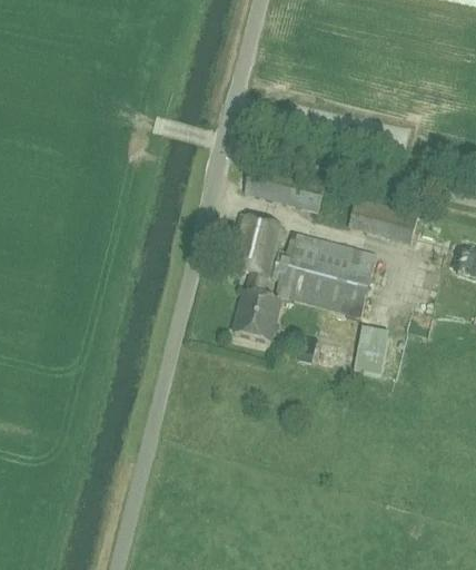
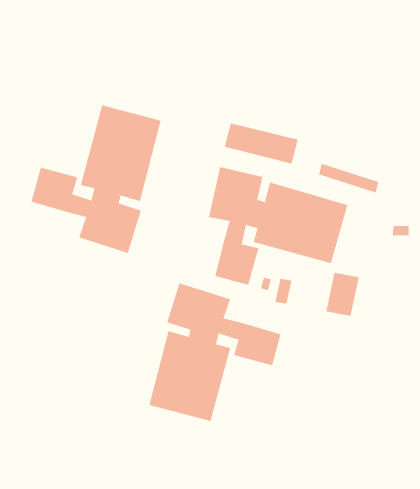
building: none -> [31,105,161,254]
building: none -> [149,282,281,422]

